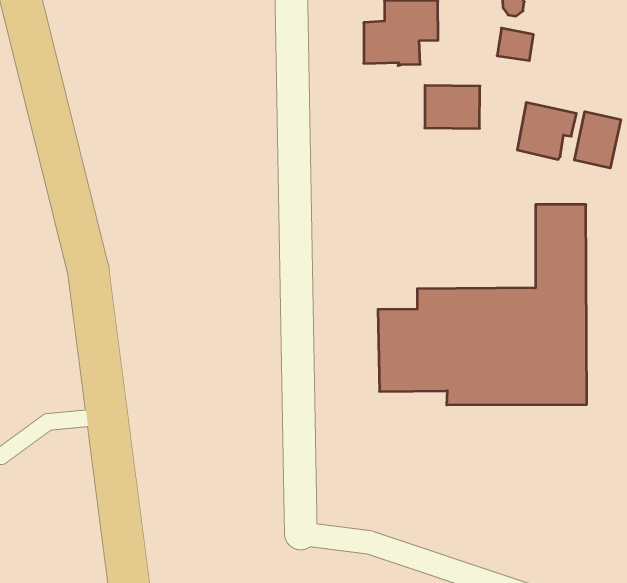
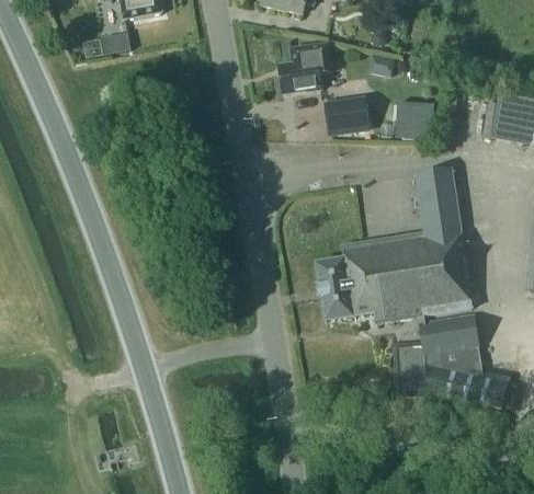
building: [574,112,621,168] -> none
building: none -> [394,311,505,405]

